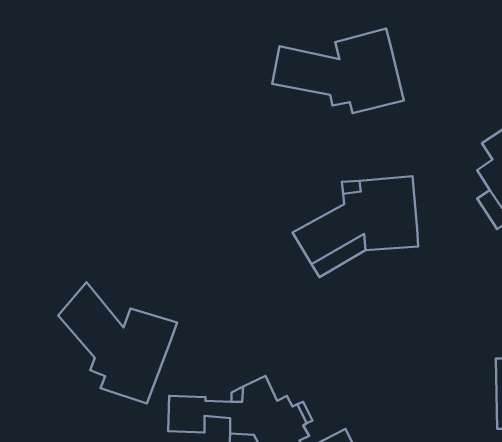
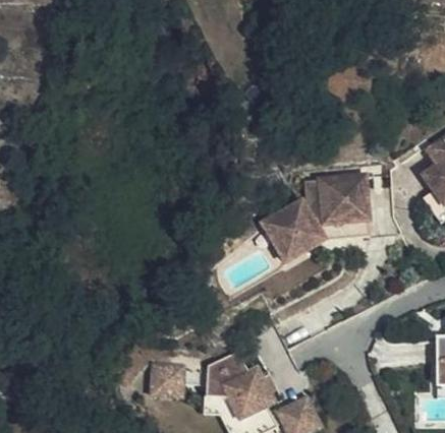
building: [272,28,404,113] -> none
building: [58,282,177,404] -> none

